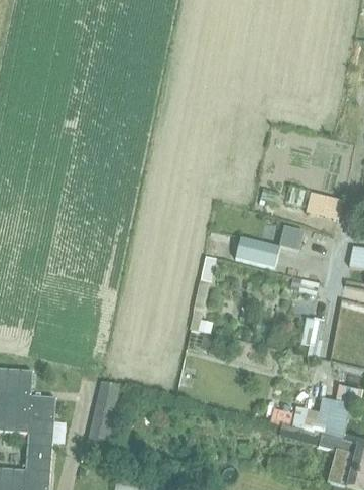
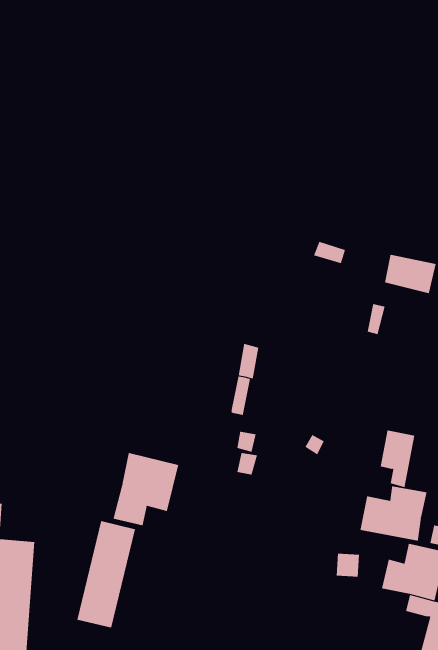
building: [235,237,279,268] -> none
building: none -> [113,452,179,526]
building: none -> [360,485,427,541]

